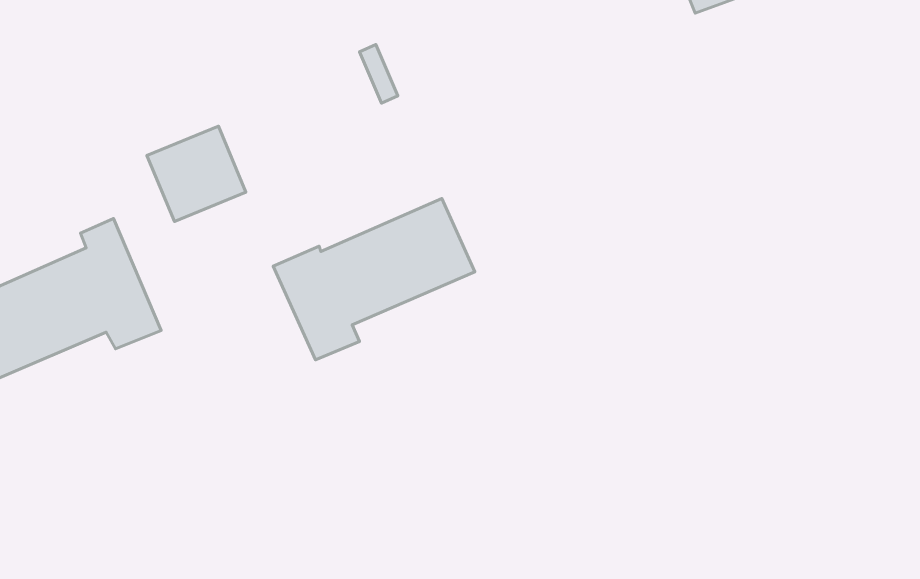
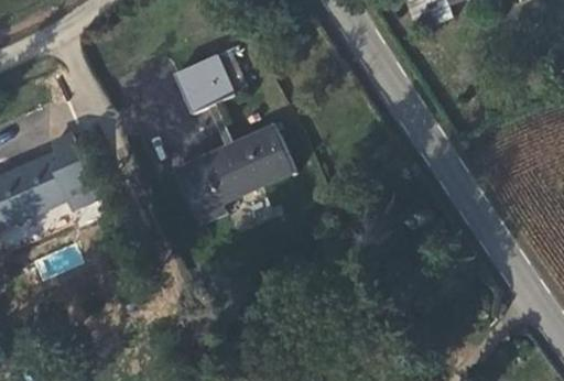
building: [147,126,246,222] -> [176,54,236,111]

